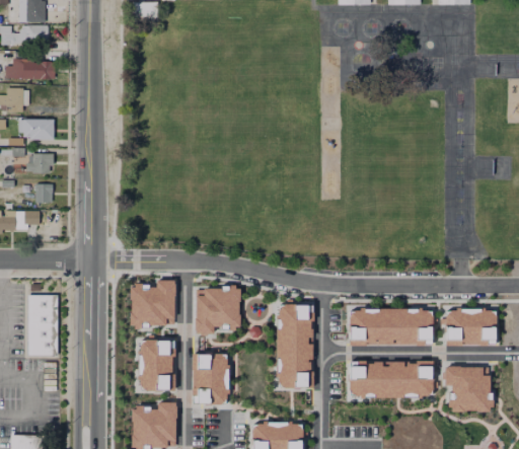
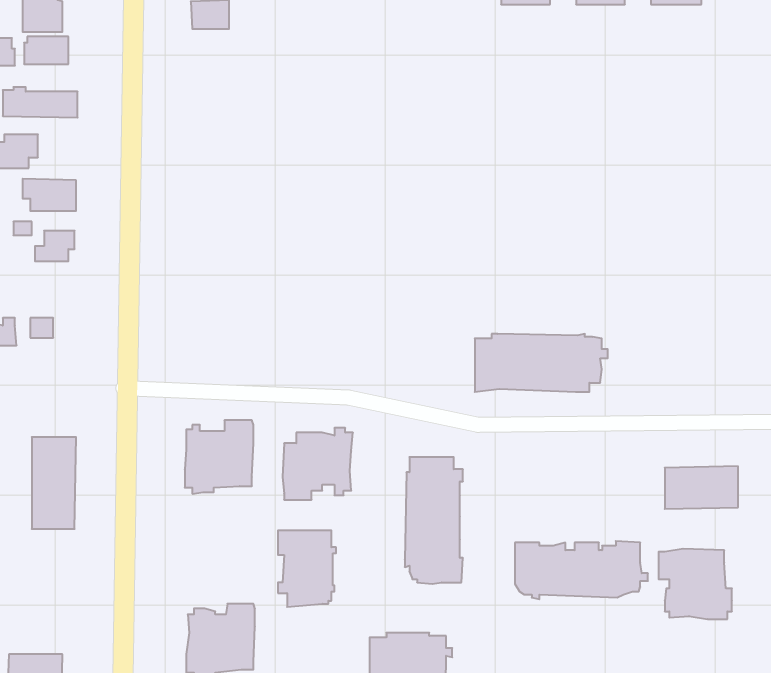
building: [38,184,55,206] -> none
building: [348,307,436,346] -> [475,334,608,392]
building: [137,339,174,391] -> none

